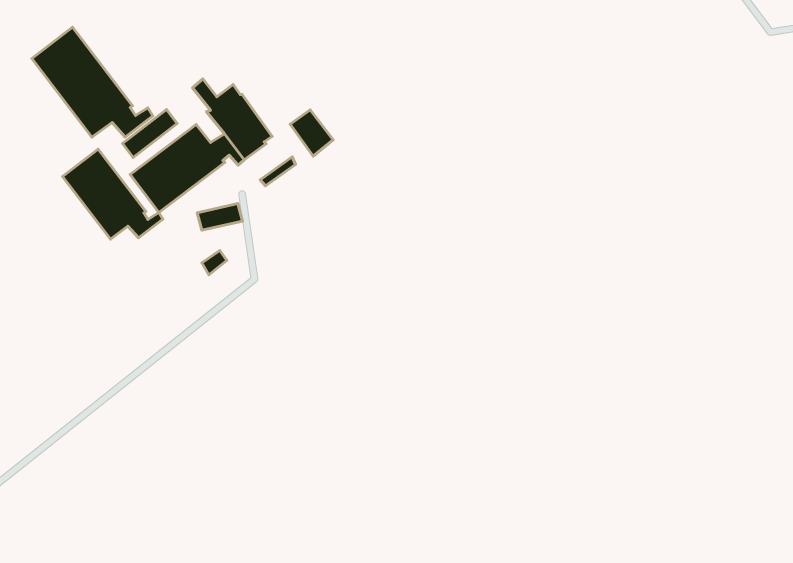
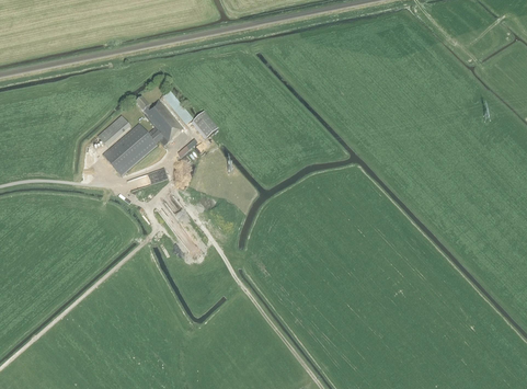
building: [32,27,153,137] -> none
building: [63,149,163,239] -> none

